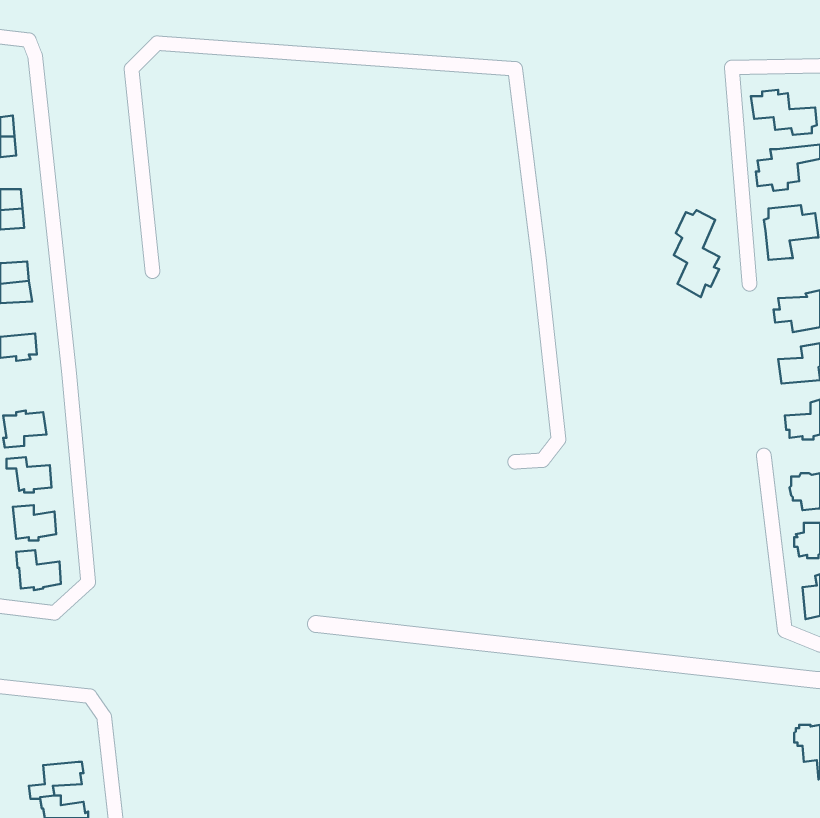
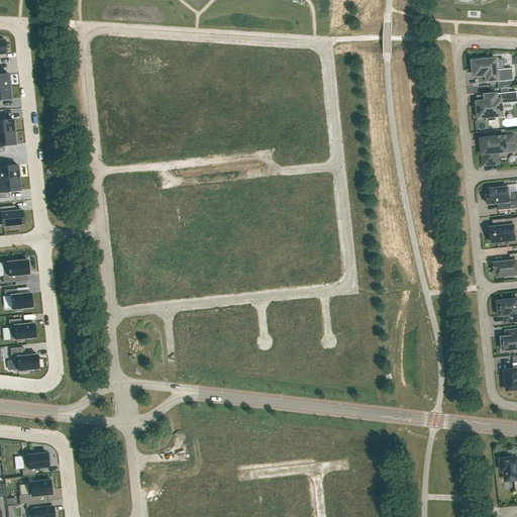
building: [674,210,720,297] -> none
building: none -> [22,452,49,475]

